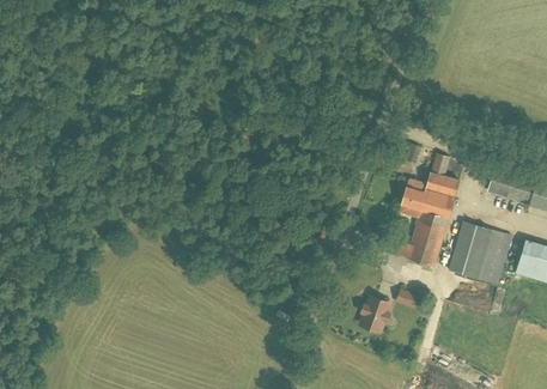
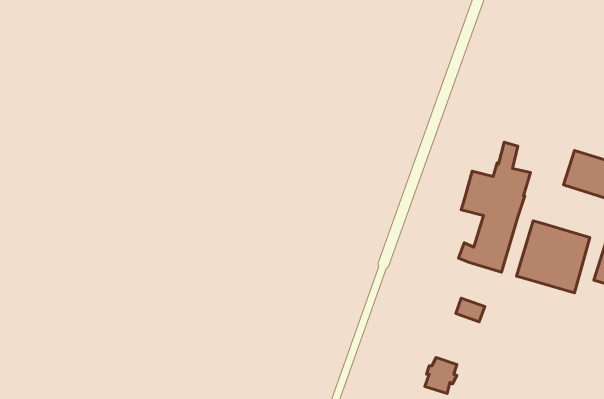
building: [361,298,389,329] -> [425,357,457,393]

